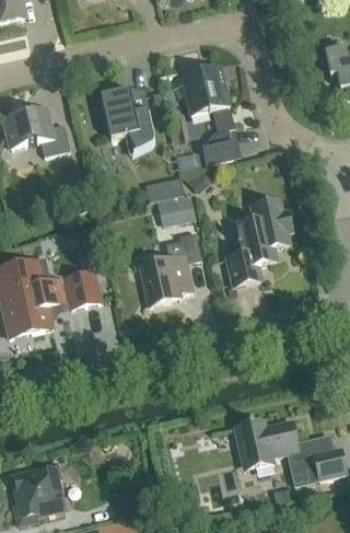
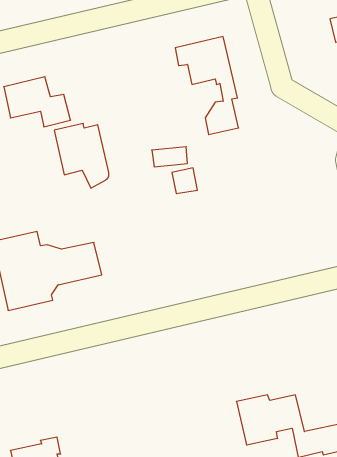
building: [101,88,154,151] -> [54,124,109,188]
building: [225,198,292,286] -> none
building: [139,231,201,304] -> none

